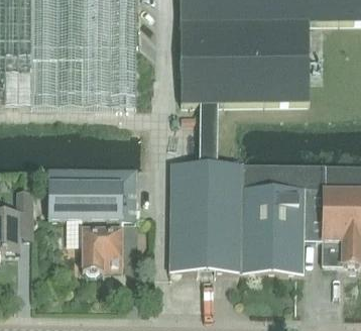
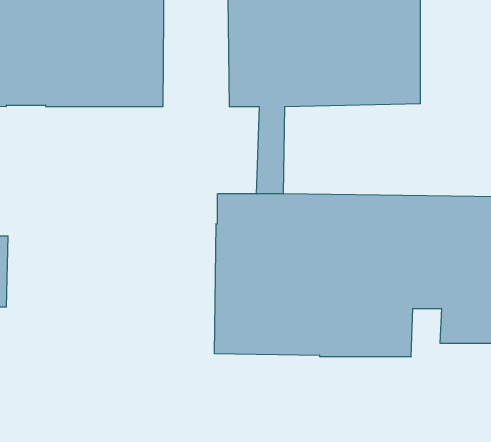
building: [48,167,136,273] -> none

